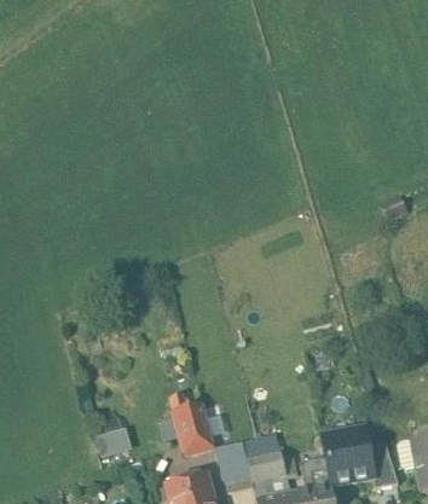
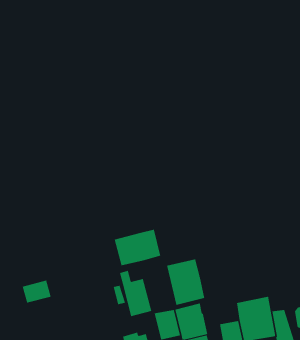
building: none -> [114,229,161,266]
building: none -> [166,259,205,306]
building: [97,424,135,454] -> [22,280,52,303]

